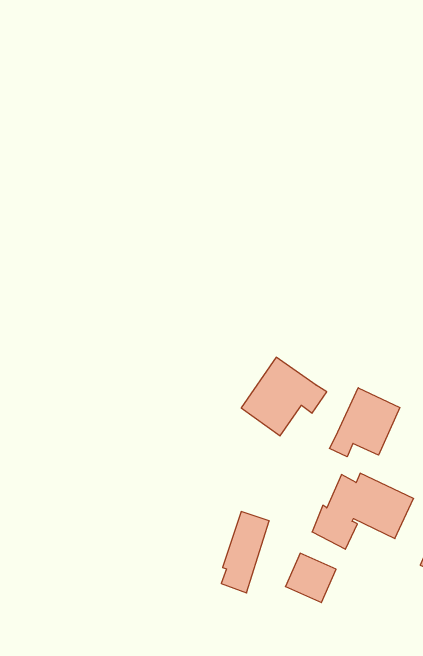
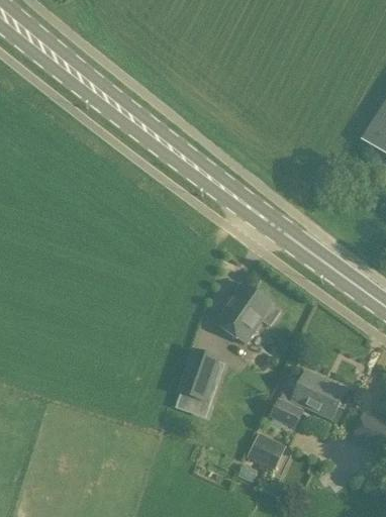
building: [329,388,400,457] -> none
building: [221,512,269,593] -> [181,349,217,411]

